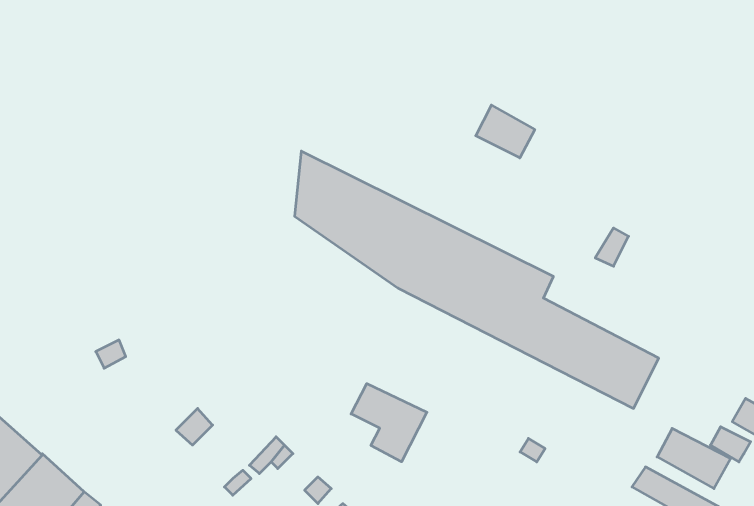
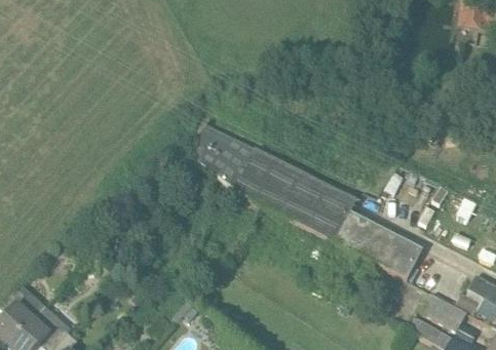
building: [476,105,535,158] -> none
building: [351,384,427,462] -> none

